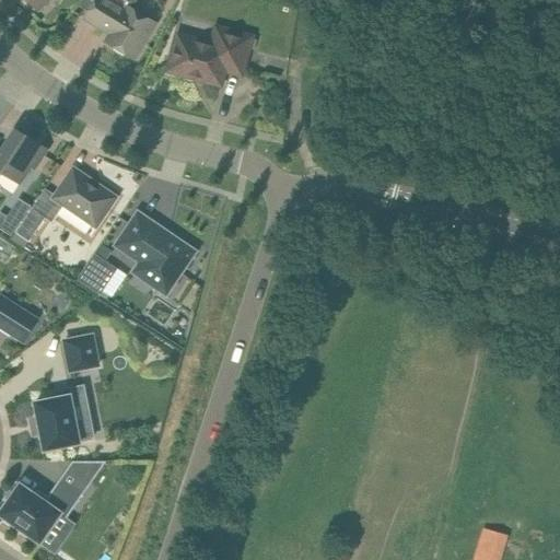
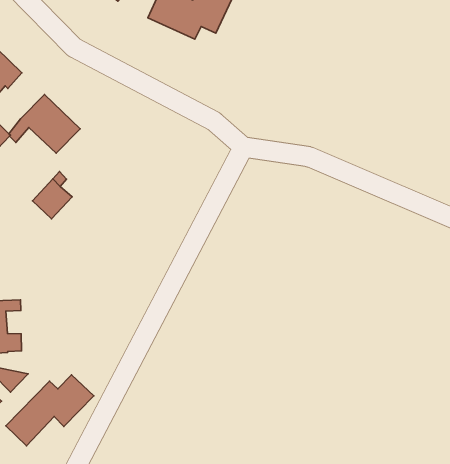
building: [115,211,195,294] -> none
building: [62,336,97,368] -> none
building: none -> [6,375,94,446]

